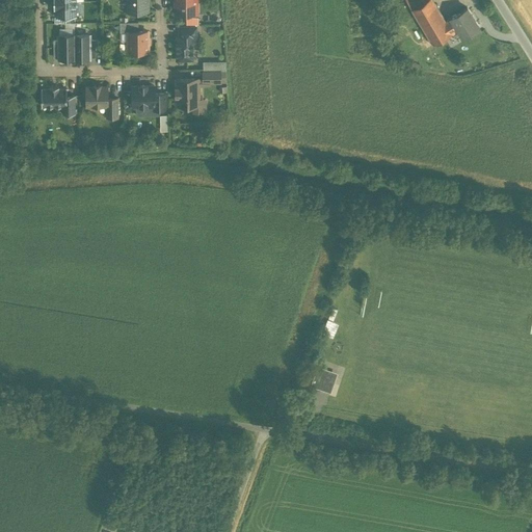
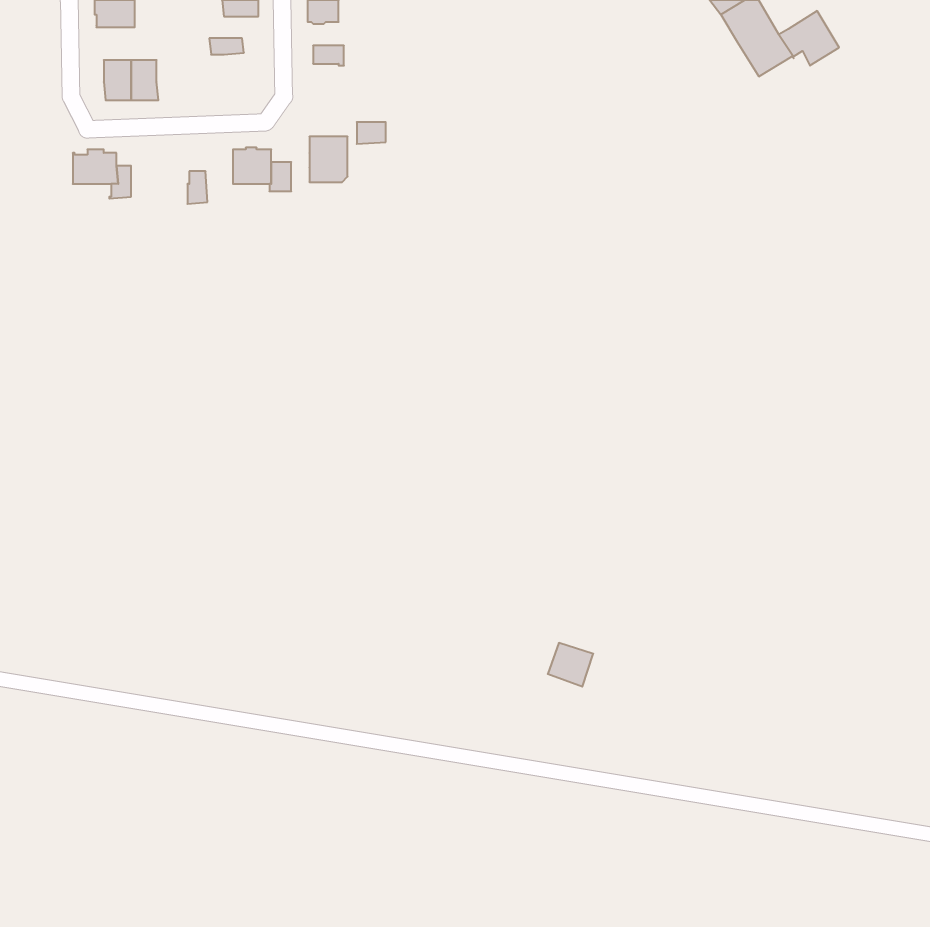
building: [128,32,149,53] -> none
building: [176,38,193,61] -> none
building: [86,87,108,107] -> none

